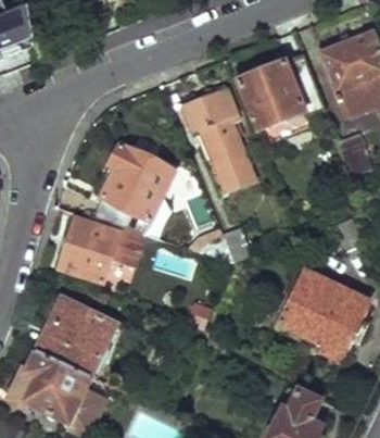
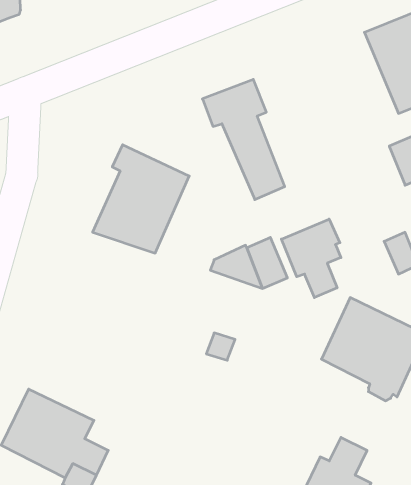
building: [237,57,322,128] -> none
building: none -> [281,219,341,298]
building: [59,214,142,279] -> none
building: [38,297,117,373] -> none

